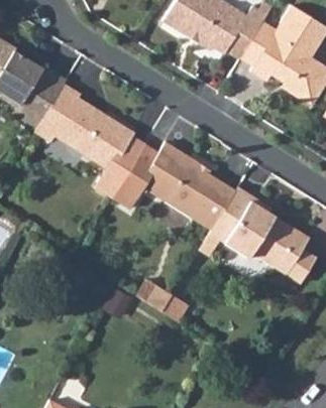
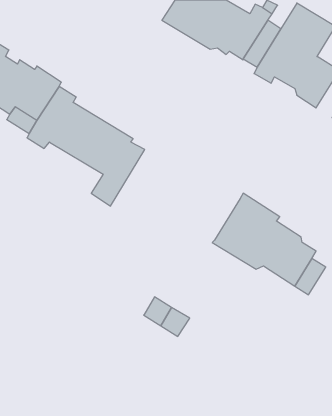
building: [113,141,235,229] -> none

